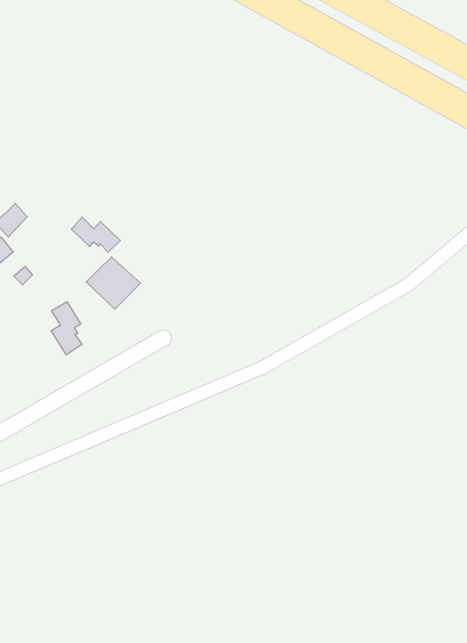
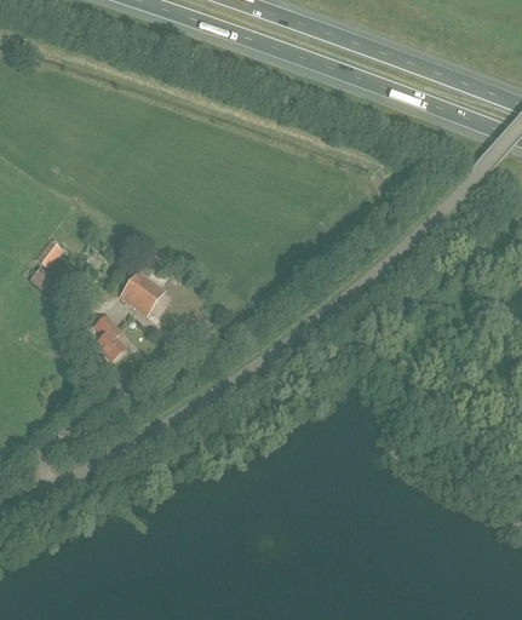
building: [71,217,120,252] -> none

